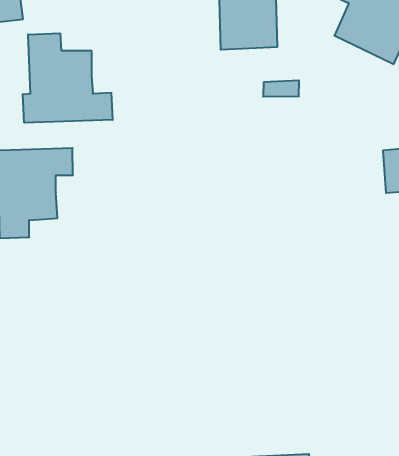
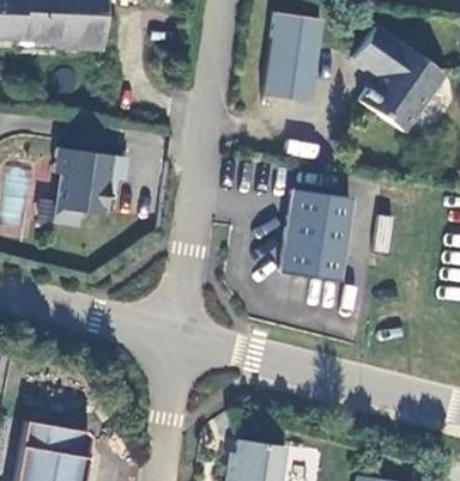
building: [23,33,113,123] -> none
building: none -> [283,189,355,280]

